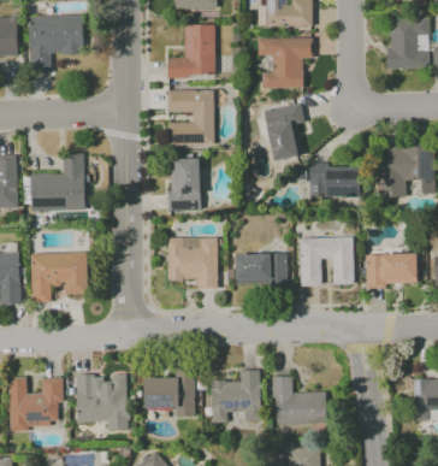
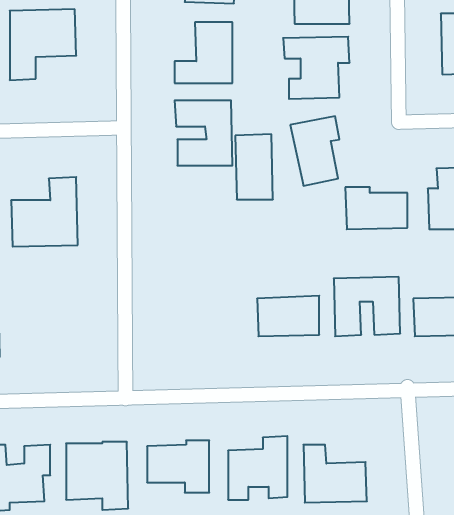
building: [168,157,200,211] -> [235,134,273,199]
building: [167,237,218,288] -> none
building: [30,253,87,302] -> none

